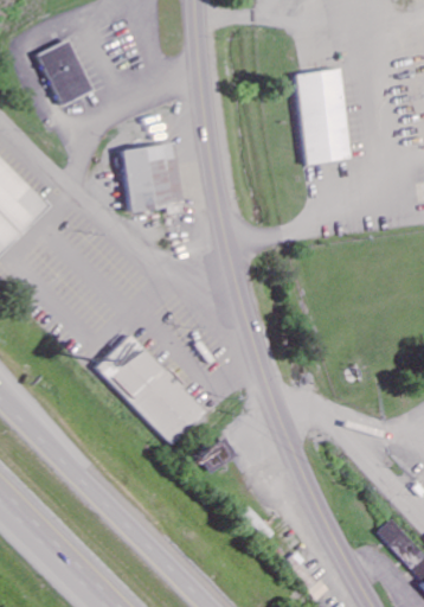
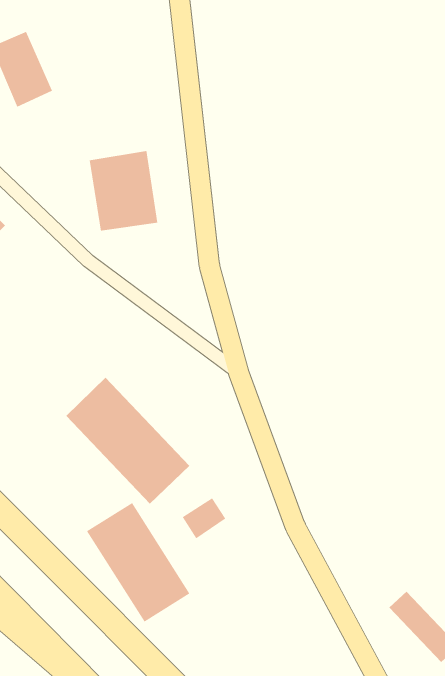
building: [294,69,349,165] -> none
building: none -> [86,502,190,623]

